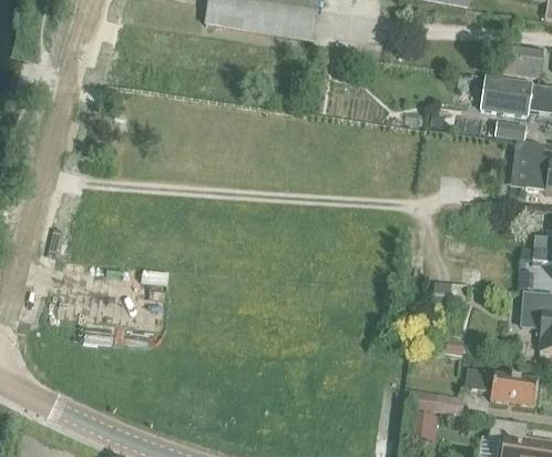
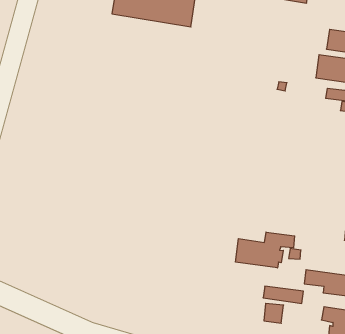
building: none -> [236,232,295,268]

